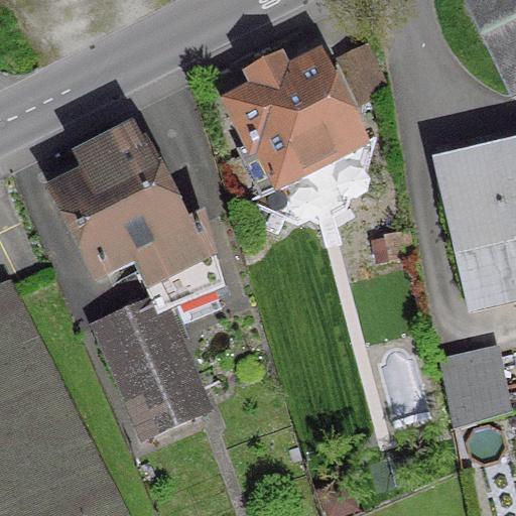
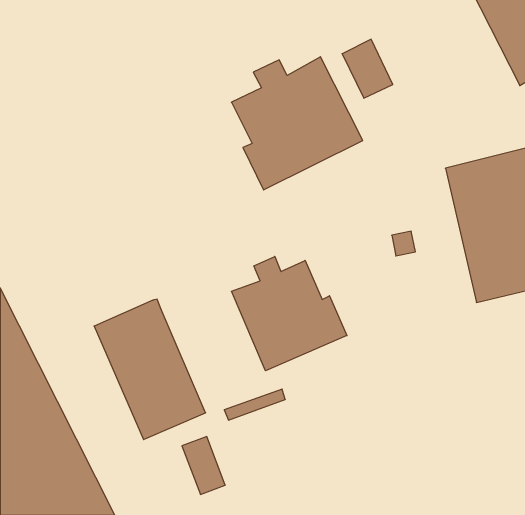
building: [48,126,218,302] -> none
building: none -> [232,256,347,371]
building: [439,348,509,421] -> none

